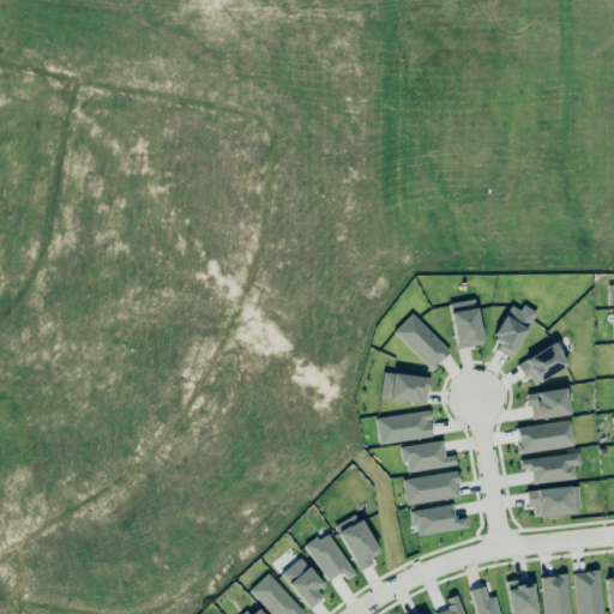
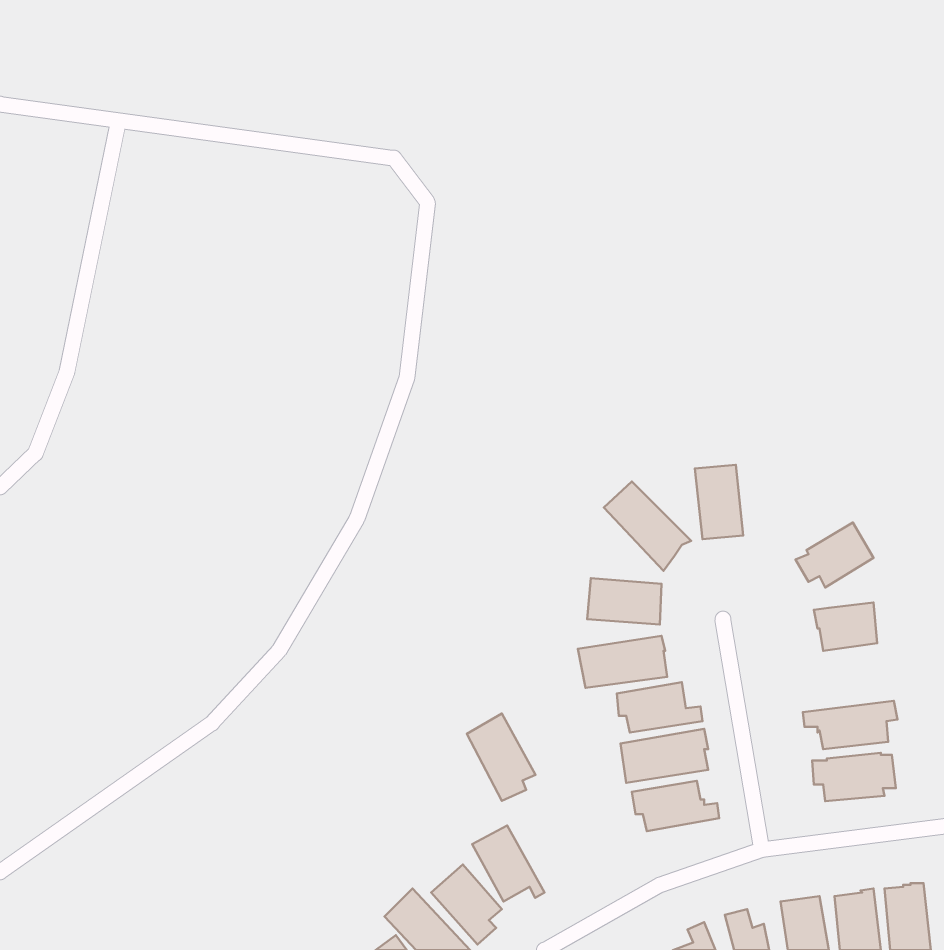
building: [495,305,538,357] -> none
building: [518,420,574,455] -> none
building: [337,513,381,570] -> [467,714,535,801]

